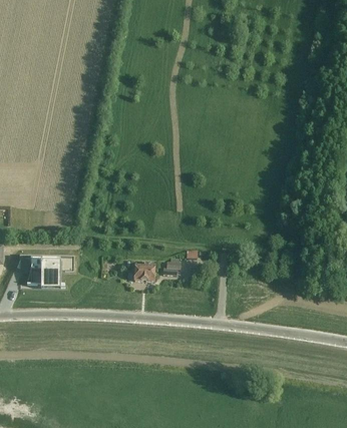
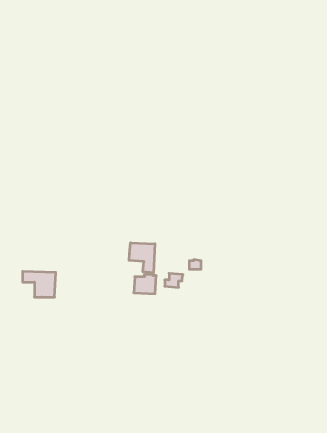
building: none -> [129,243,155,273]

